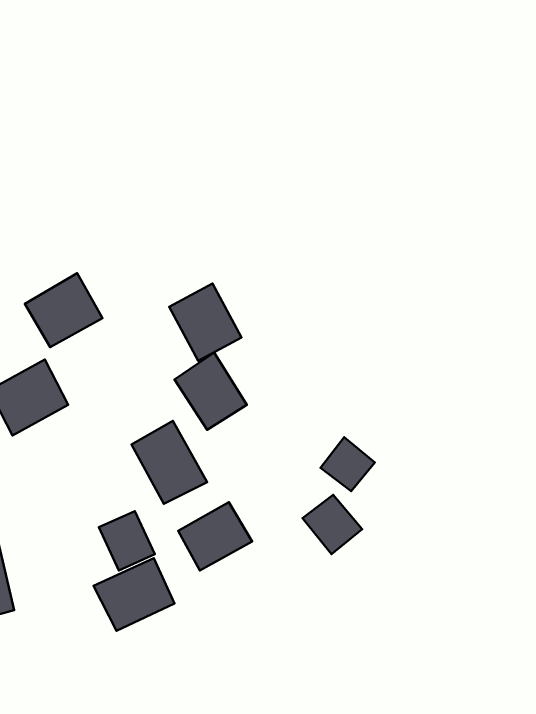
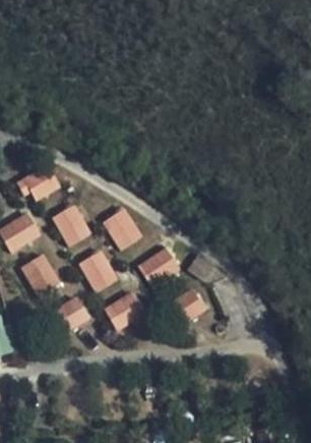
building: [169,283,241,361] -> [51,204,91,247]
building: none -> [137,245,180,286]
building: none -> [23,254,57,289]
building: [93,558,174,631] -> none

